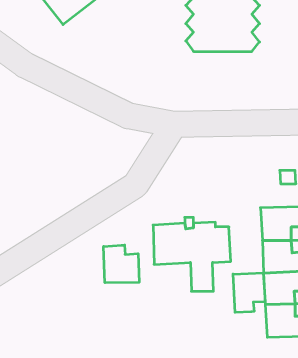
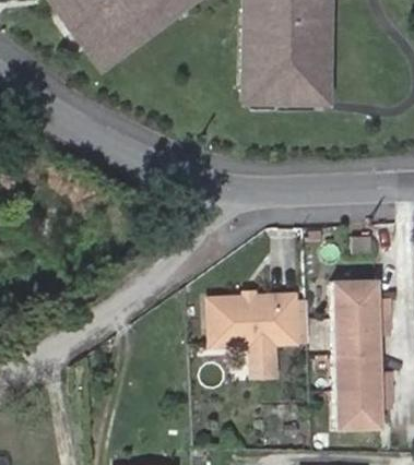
building: [104,245,139,283] -> none
building: [233,273,265,312] -> none

